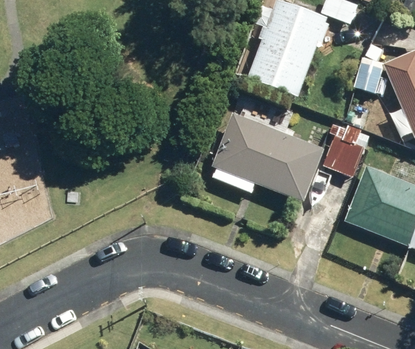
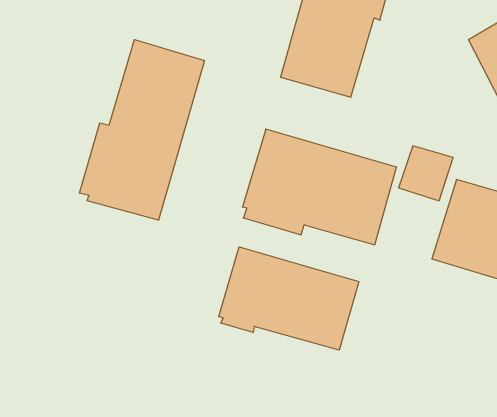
building: none -> [80,40,205,220]
building: none -> [219,247,359,350]

